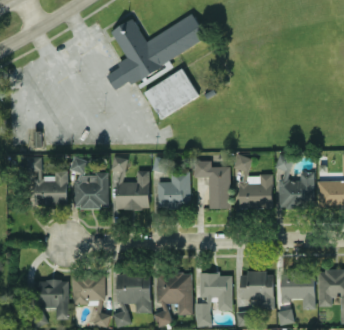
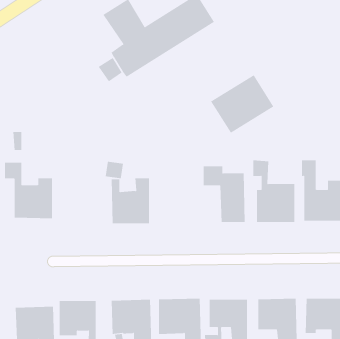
building: [143,69,197,119] -> [210,74,274,133]
building: [70,156,108,208] -> none
building: [157,170,190,208] -> none

